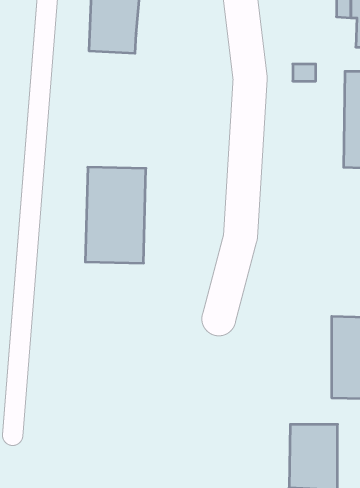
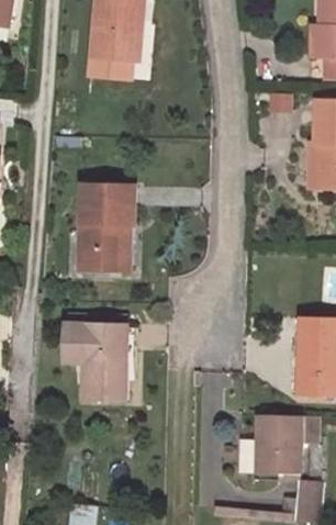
building: none -> [64,324,128,400]

